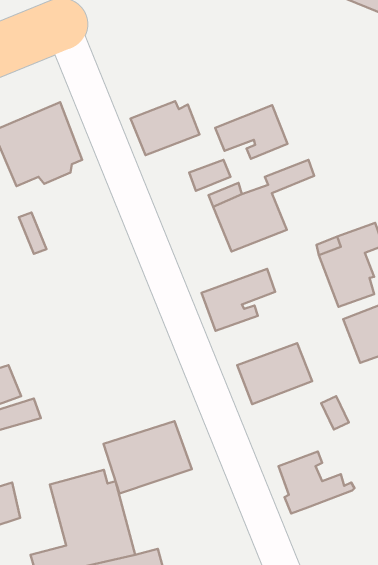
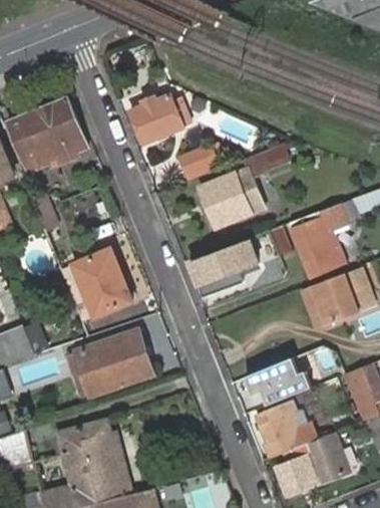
building: [215,105,288,159] -> none
building: none -> [75,250,132,315]
building: [237,343,312,404] -> [238,354,303,408]
building: [103,421,192,493] -> [75,331,152,395]
building: none -> [276,437,338,496]

